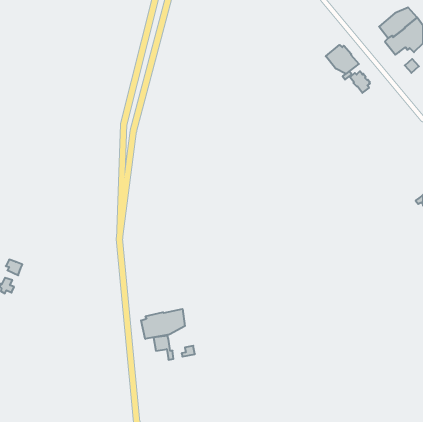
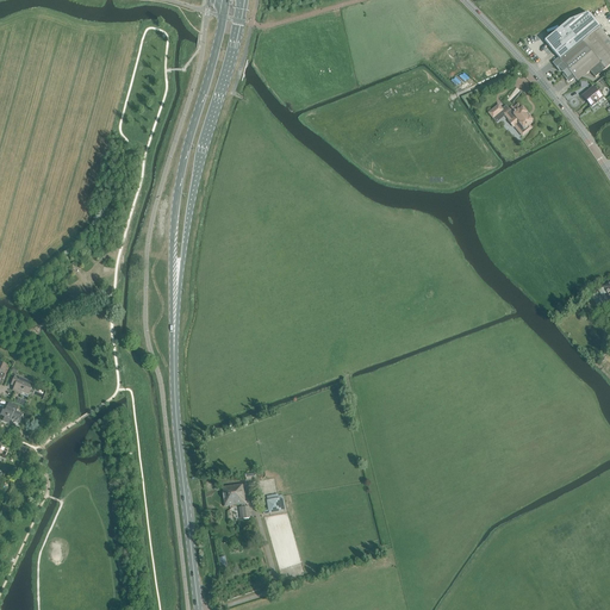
building: [326,45,359,74] -> none
building: [141,309,185,339] -> none

